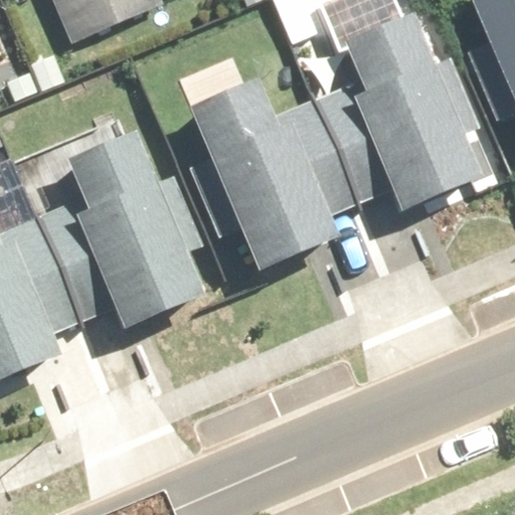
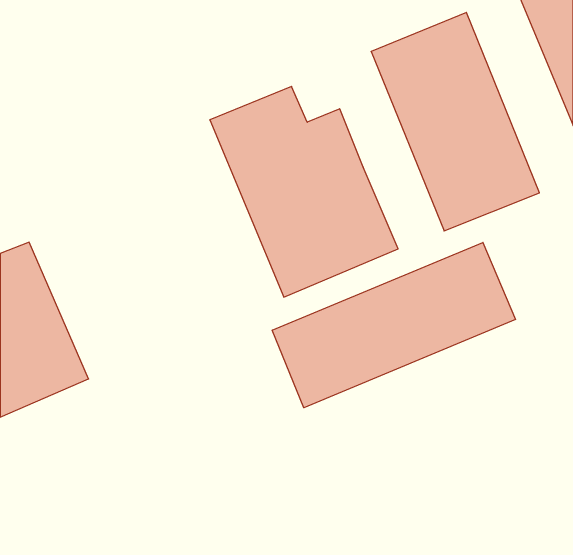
building: [59,132,206,323] -> none
building: none -> [272,242,516,408]

